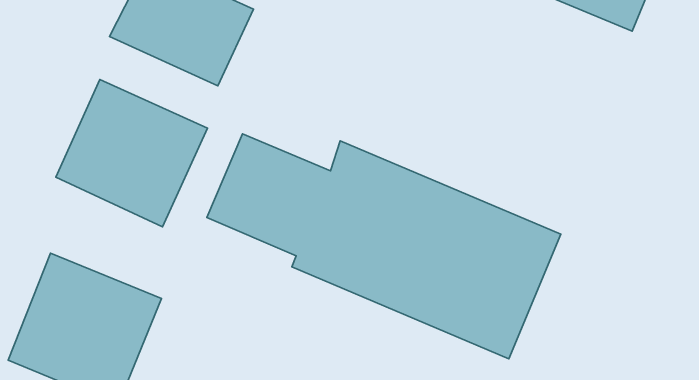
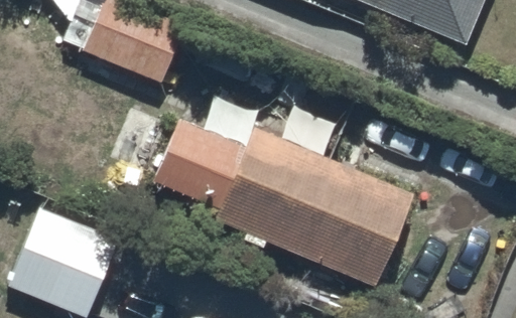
building: [56,80,207,227] -> none

